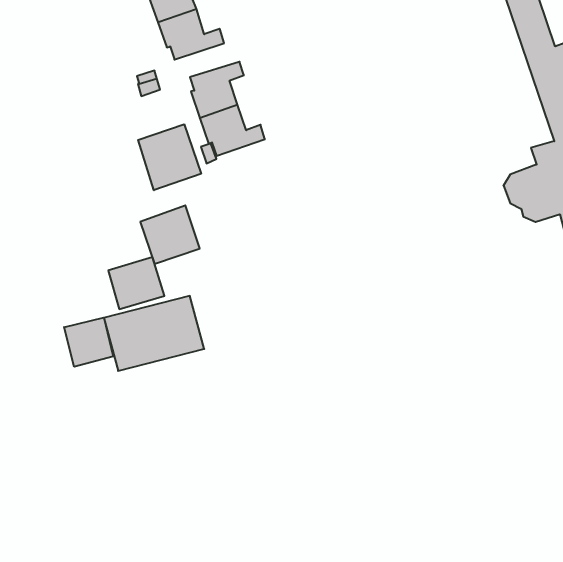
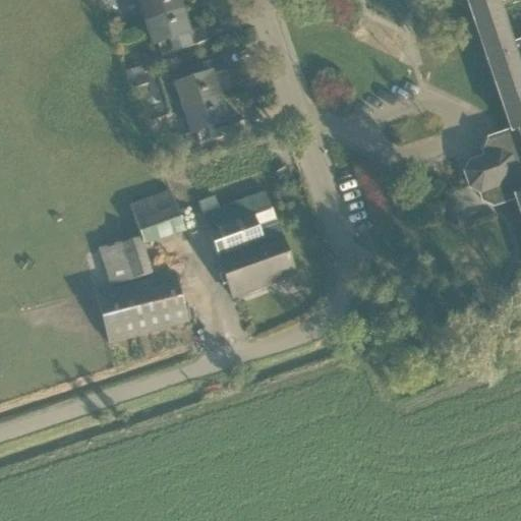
building: [138,124,201,190] -> none
building: none -> [198,191,296,297]
building: [64,318,113,367] -> none

